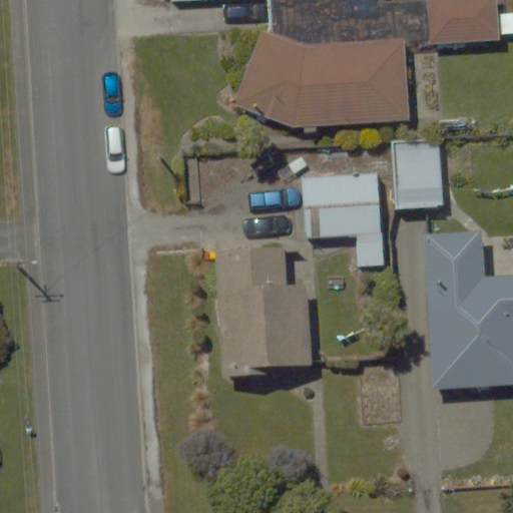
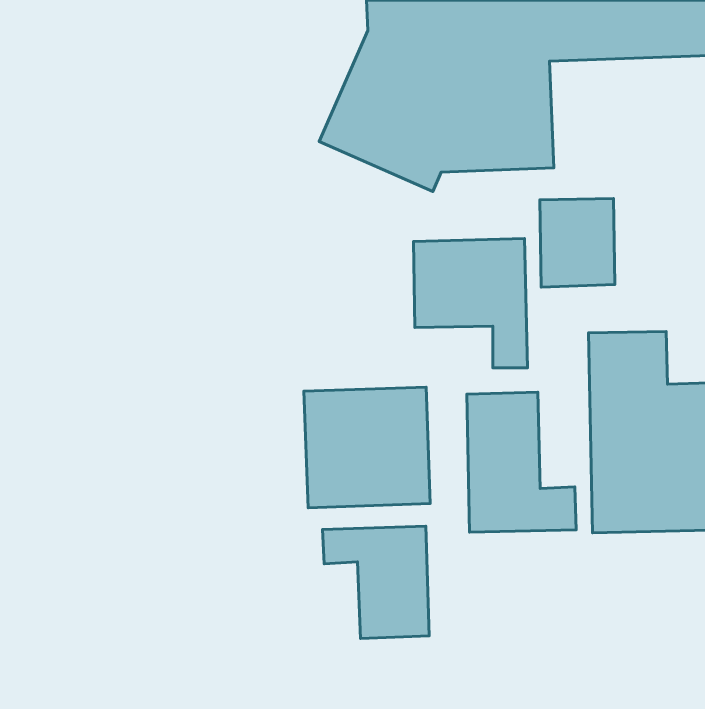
building: none -> [467,392,576,532]
building: none -> [322,526,429,639]

